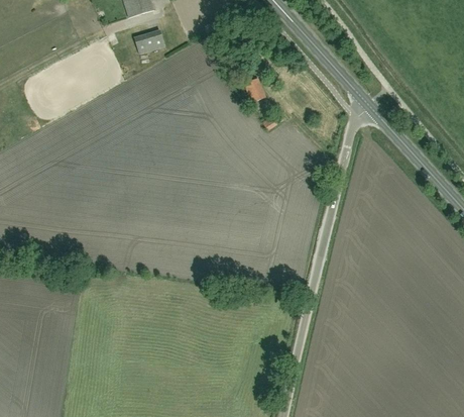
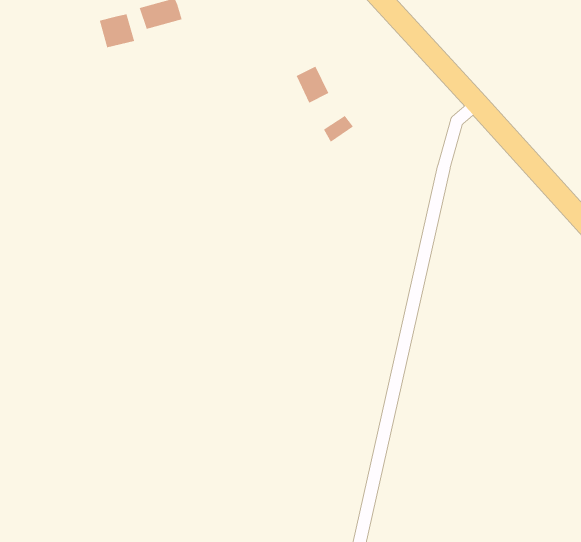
building: none -> [99,13,135,48]

